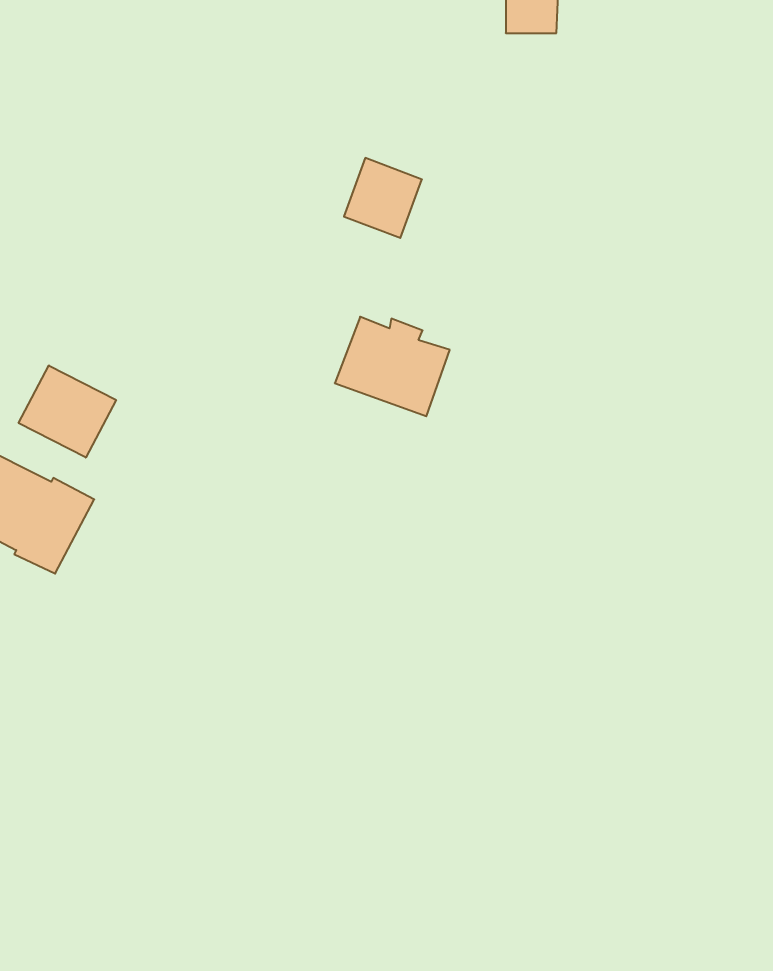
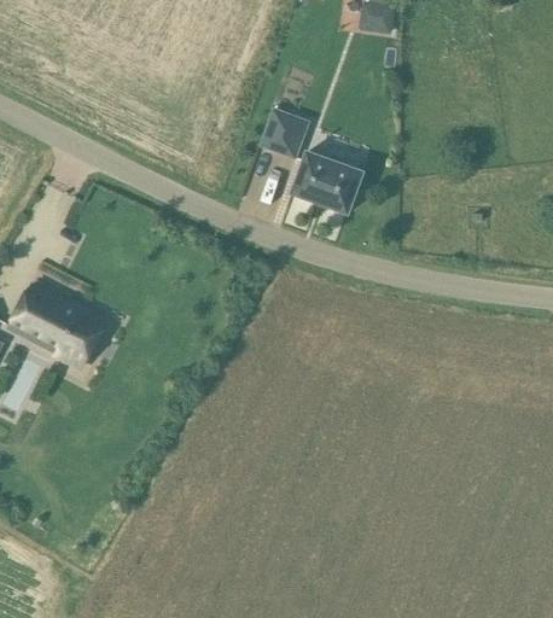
building: [335,317,450,416] -> [291,152,362,214]
building: [19,365,116,458] -> none

